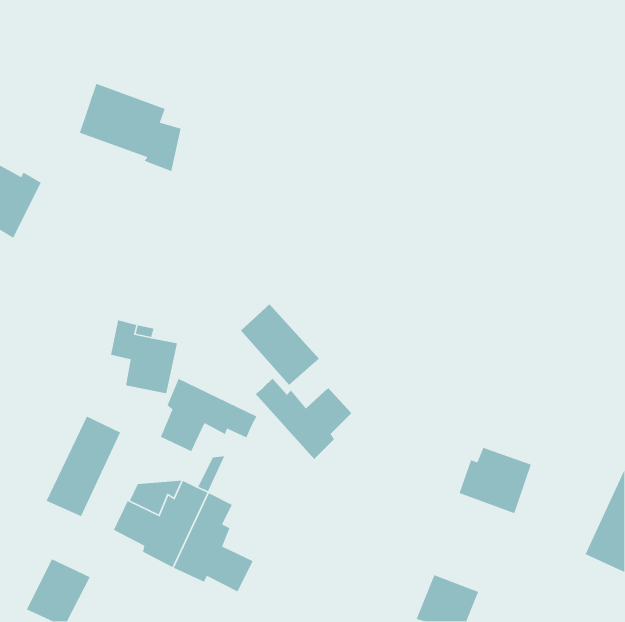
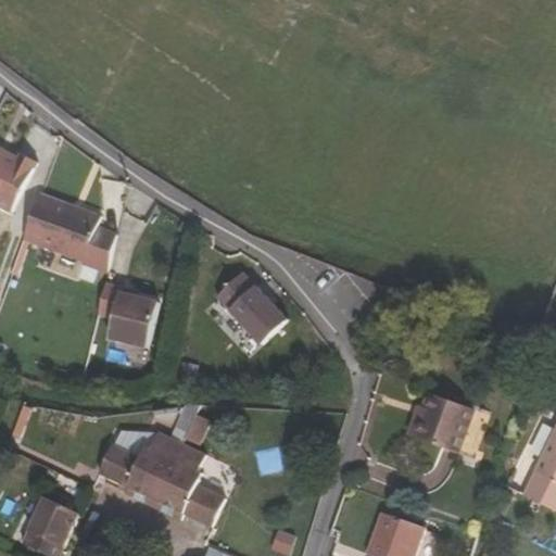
building: [79,83,182,172] -> [25,192,116,271]
building: [255,378,352,460] -> none
building: [160,378,257,453] -> none
building: [46,416,121,517] -> none

